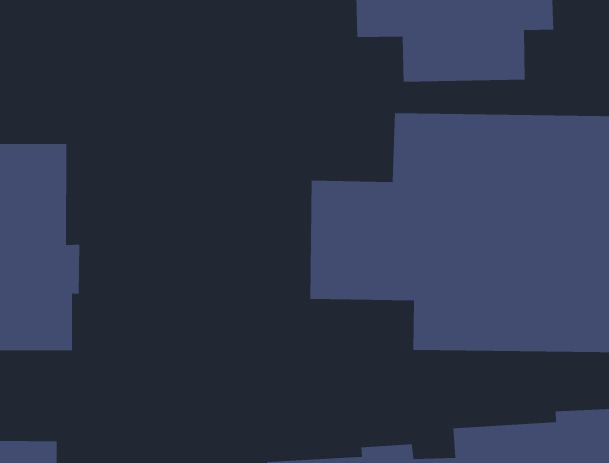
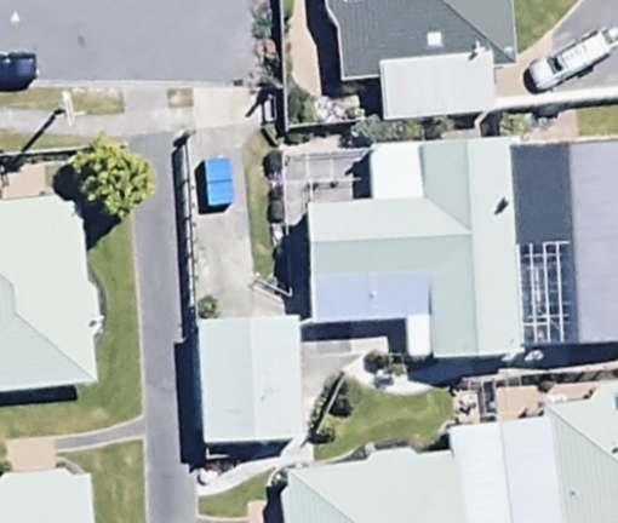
building: none -> [196,277,302,444]

